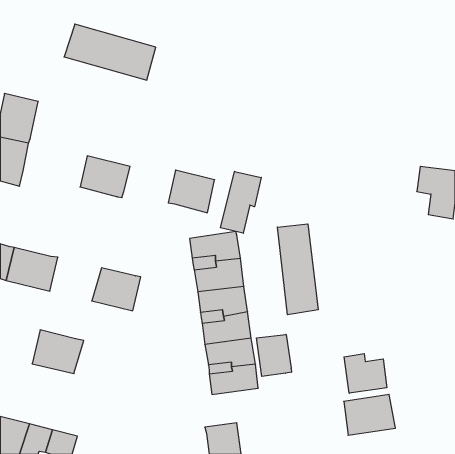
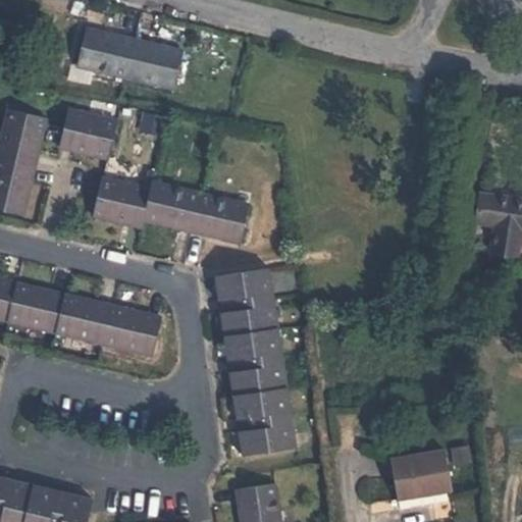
building: none -> [59,109,114,157]
building: none -> [142,182,201,232]
building: [221,171,261,233] -> none
building: [277,224,318,315] -> none
building: [32,330,84,374] -> [57,295,116,345]
building: [257,334,291,376] -> none
building: [344,354,387,393] -> none

